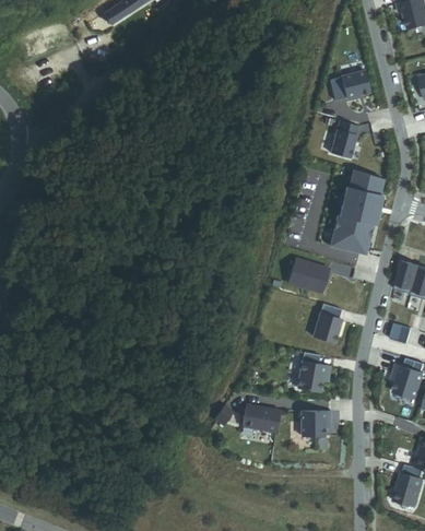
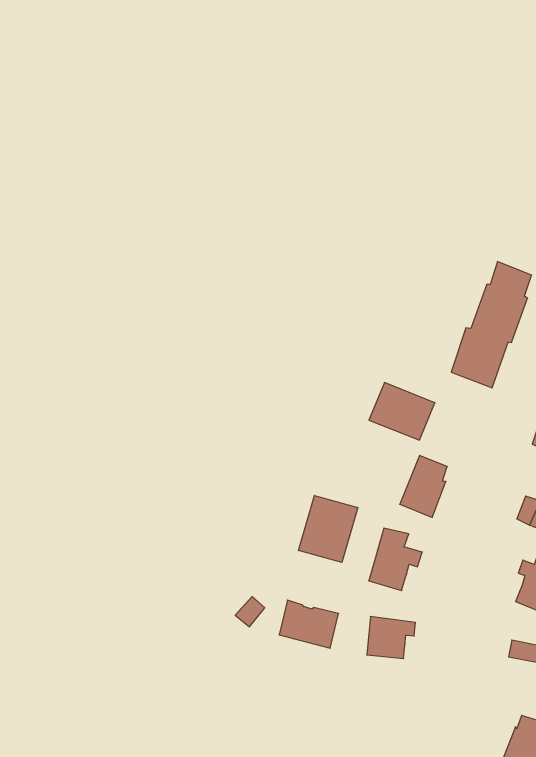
building: [329,70,370,101] -> none
building: [330,120,358,157] -> none
building: none -> [299,495,358,562]

